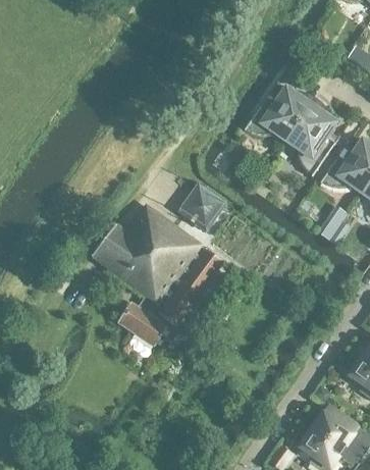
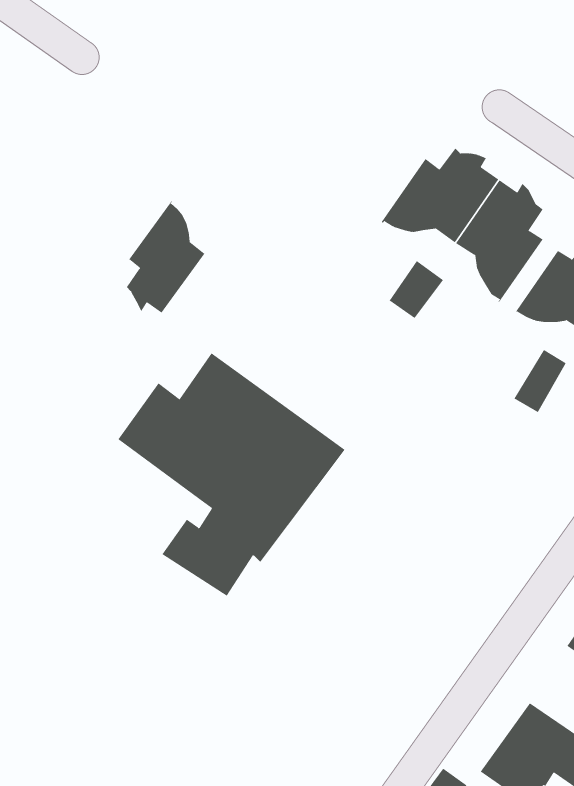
building: none -> [126,200,205,313]
building: none -> [389,260,444,319]
building: [178,182,226,229] -> none

